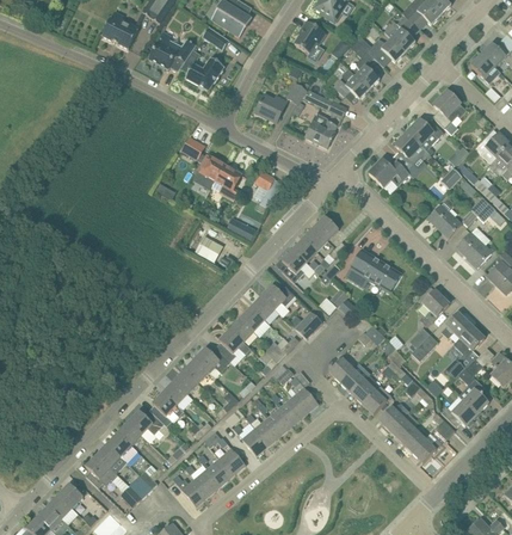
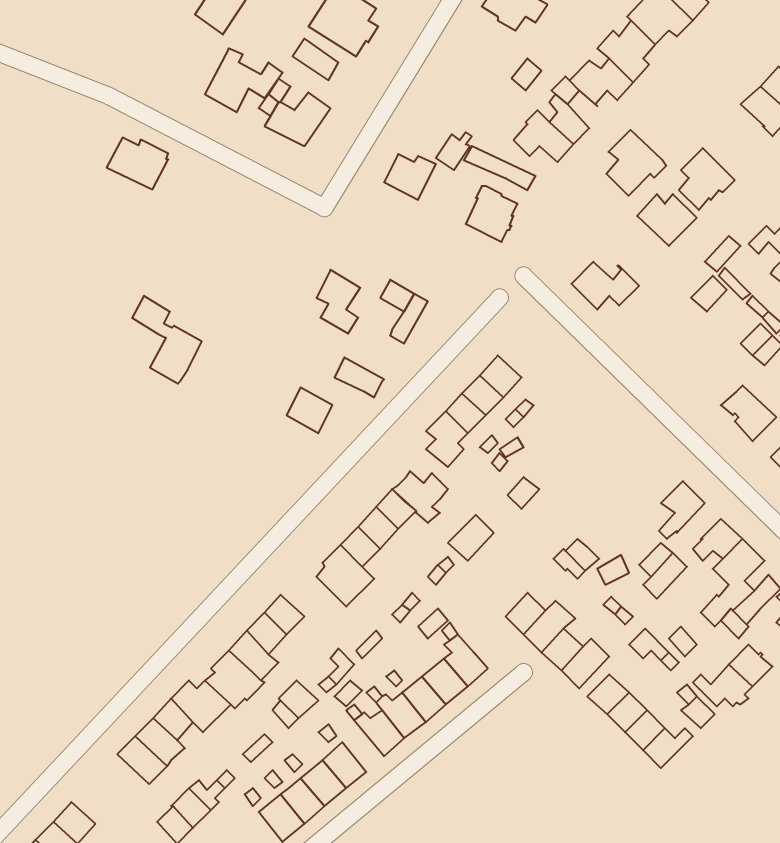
building: [100,17,137,48] -> [107,138,168,189]
building: [294,20,325,61] -> none
building: [393,131,428,171] -> [606,130,666,196]
building: [181,136,223,189] -> [132,296,202,384]
building: [428,197,461,238] -> none
building: [345,248,400,290] -> none
building: [193,346,229,377] -> none
building: [85,454,117,487] -> none

